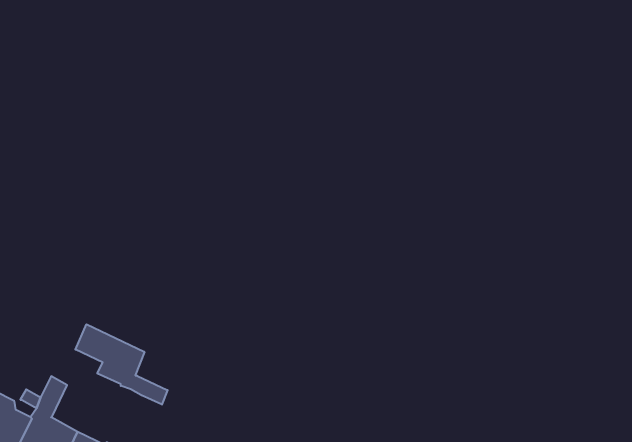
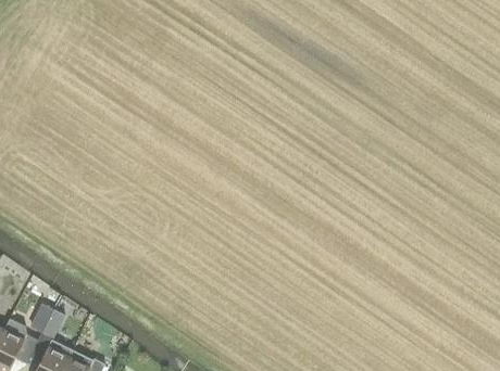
building: [75,324,168,405] -> none

